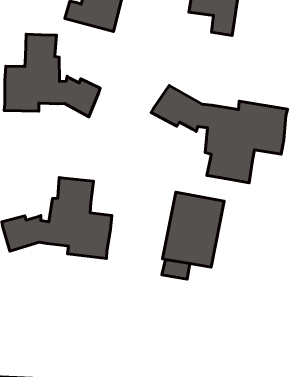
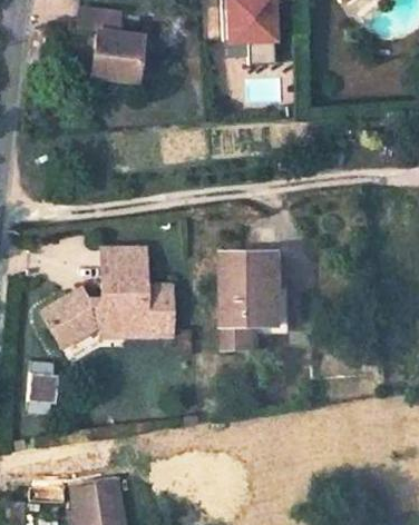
building: [4,34,100,117] -> none
building: [151,86,288,183] -> none

